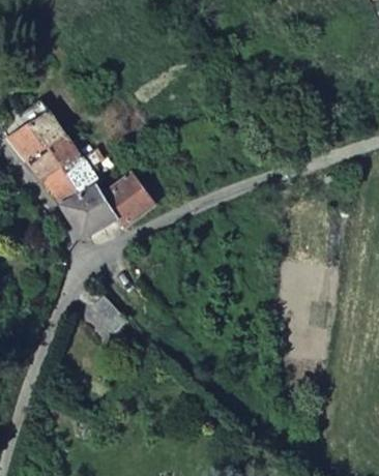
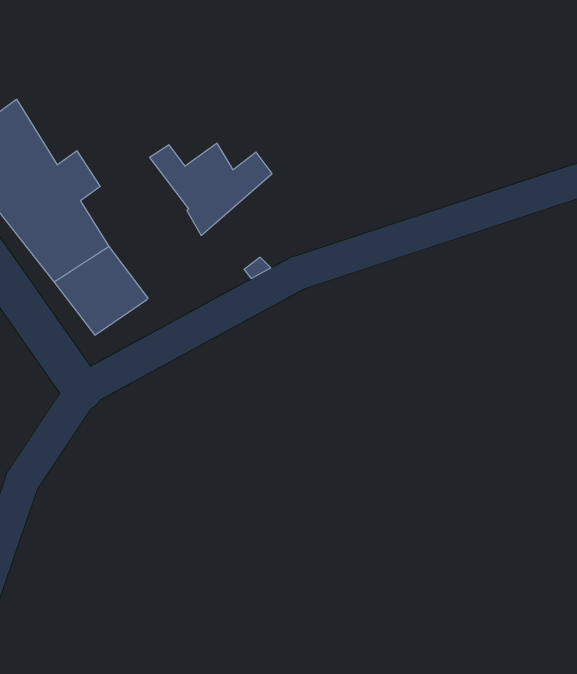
building: [92,177,164,231] -> [150,143,272,235]
building: [86,296,128,339] -> none

